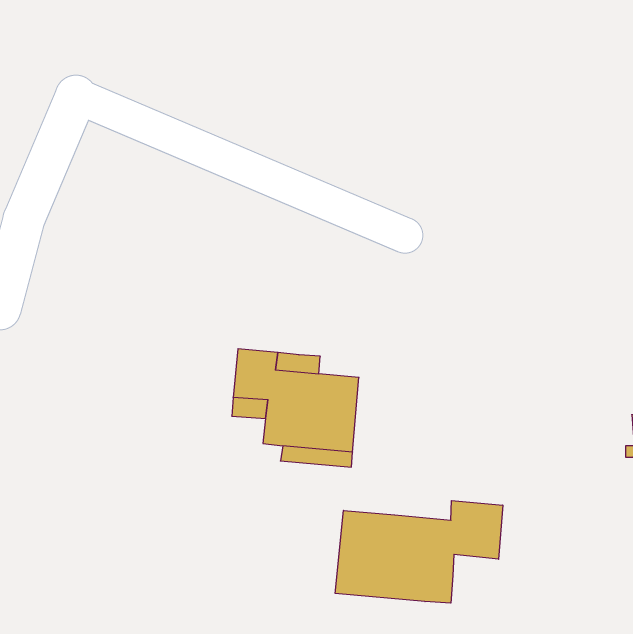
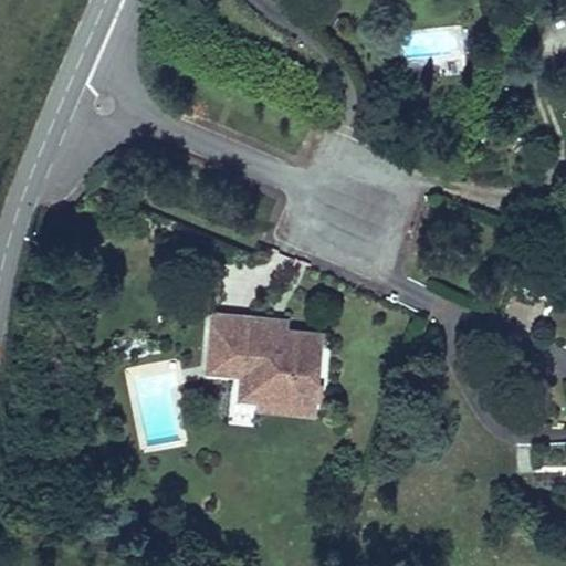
building: [335,501,503,603] -> none

